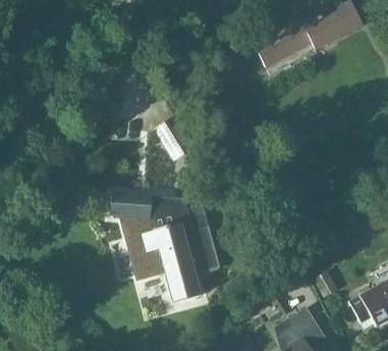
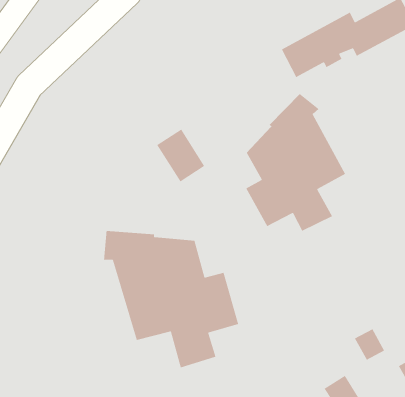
building: none -> [245,93,346,232]

